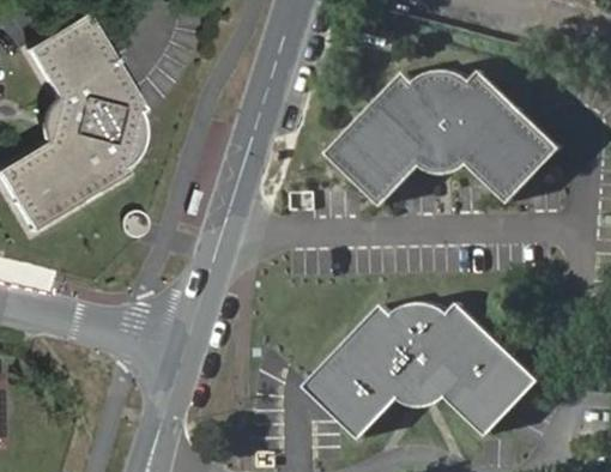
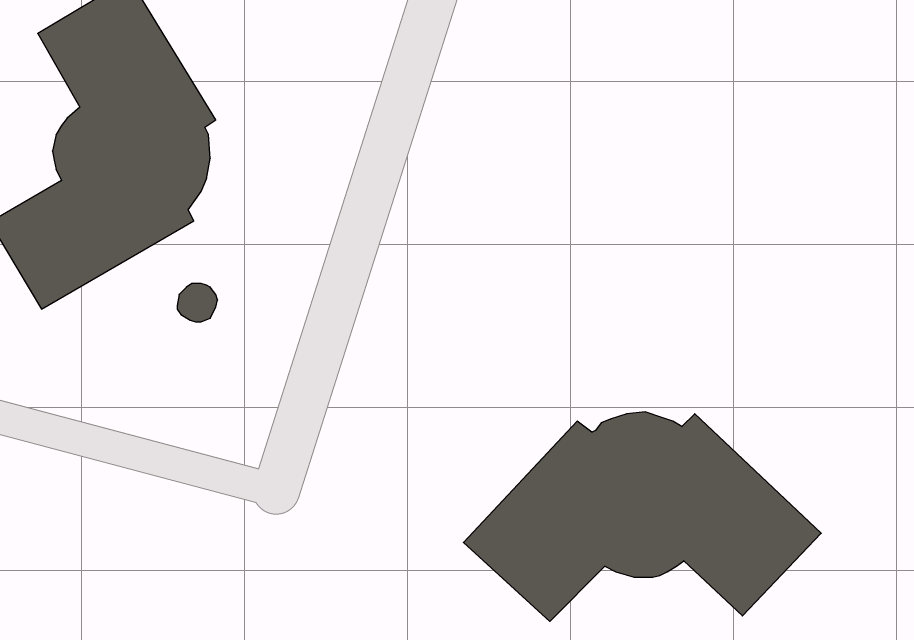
building: [328,65,561,204] -> none

